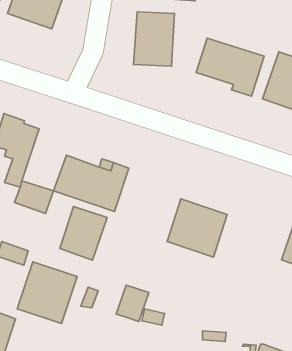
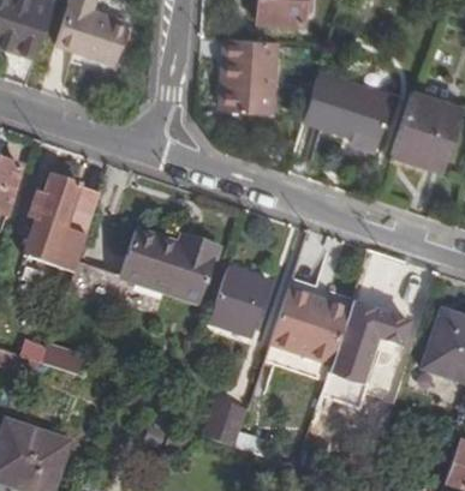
building: [60,207,107,260] -> [205,267,268,337]
building: none -> [318,303,406,408]
building: [17,262,77,324] -> none

